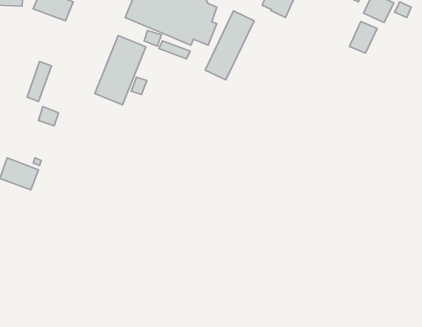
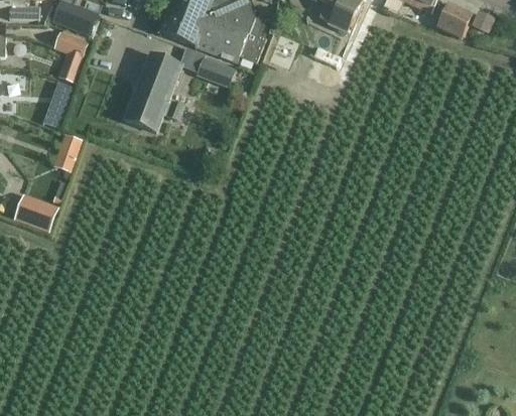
building: [205,11,254,80] -> none
building: none -> [53,28,87,81]
building: [350,22,377,53] -> none

